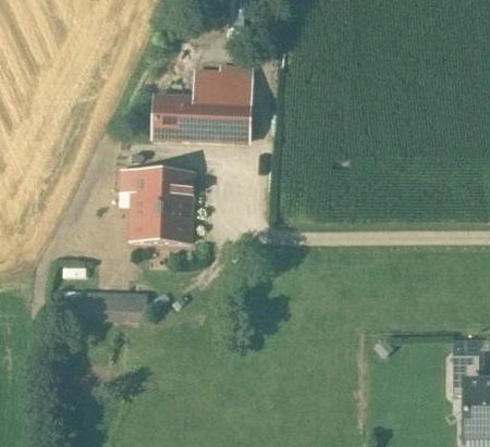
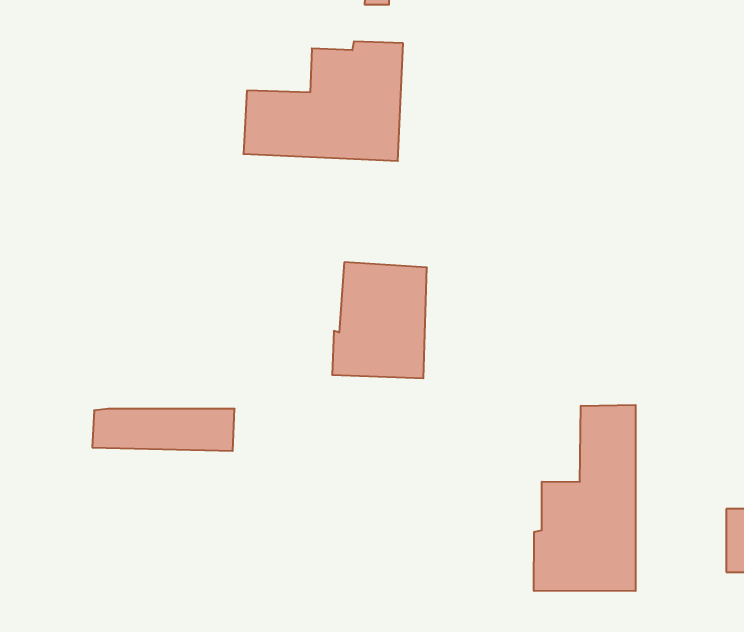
building: [132,169,191,240] -> [332,262,427,378]
building: none -> [534,405,636,591]

